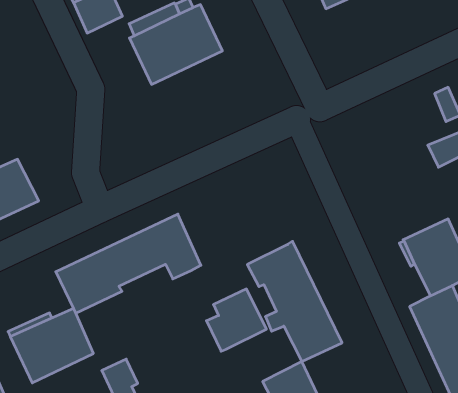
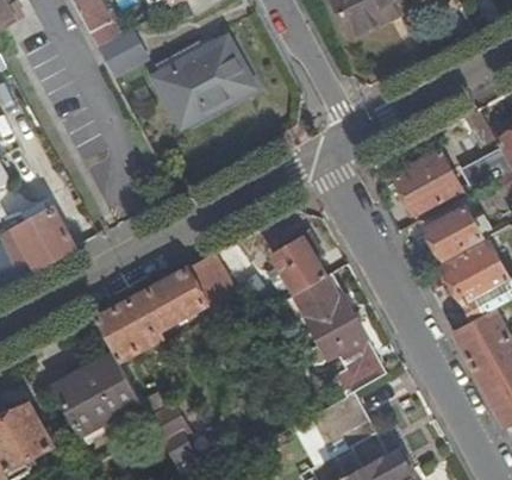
building: none -> [395,150,462,213]
building: none -> [427,204,483,256]
building: [206,289,266,351] -> [267,237,327,301]

